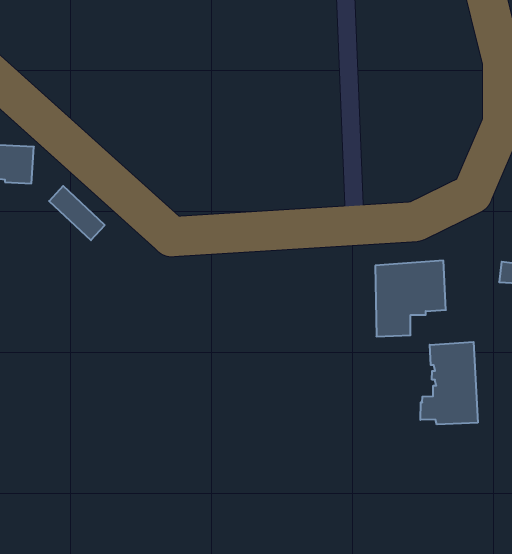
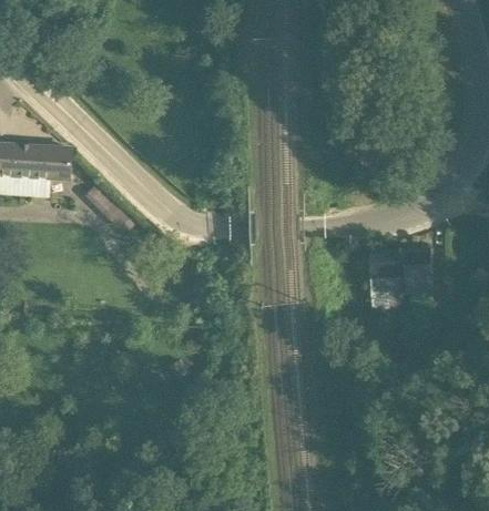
building: [420,342,478,424] -> none

